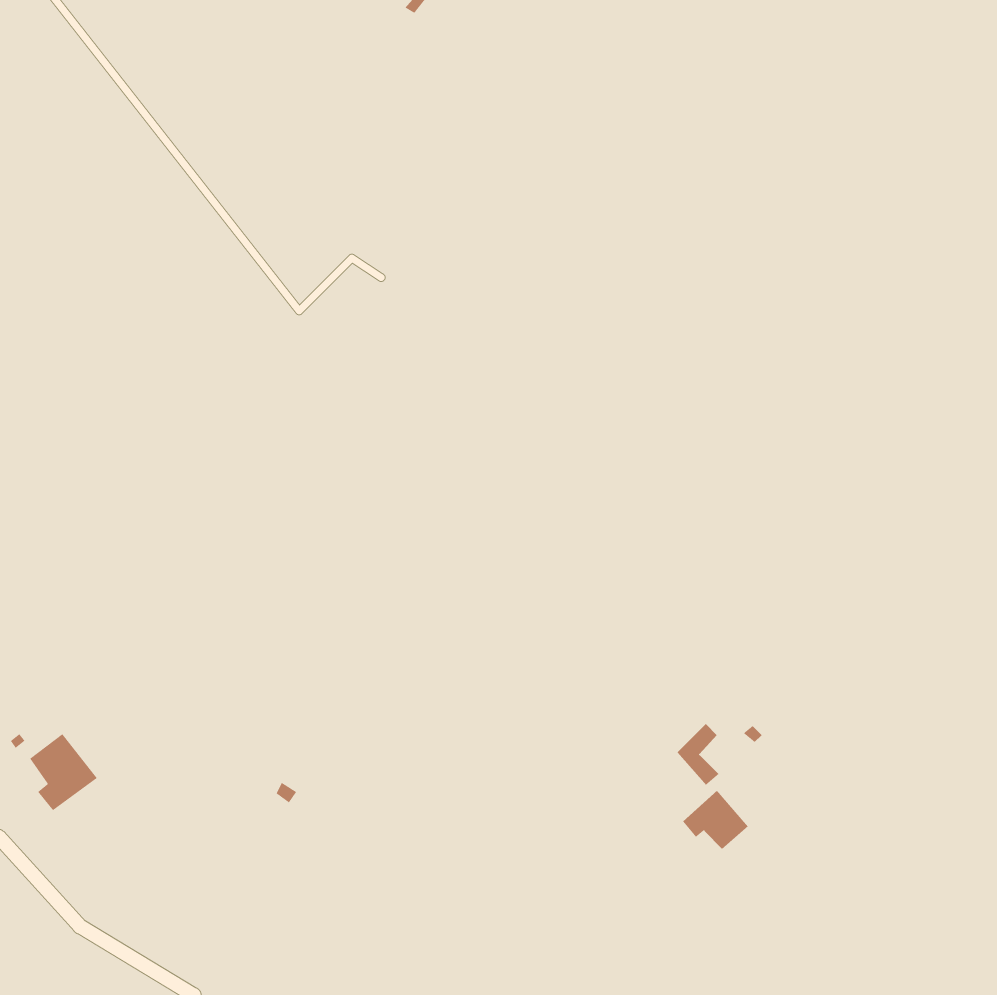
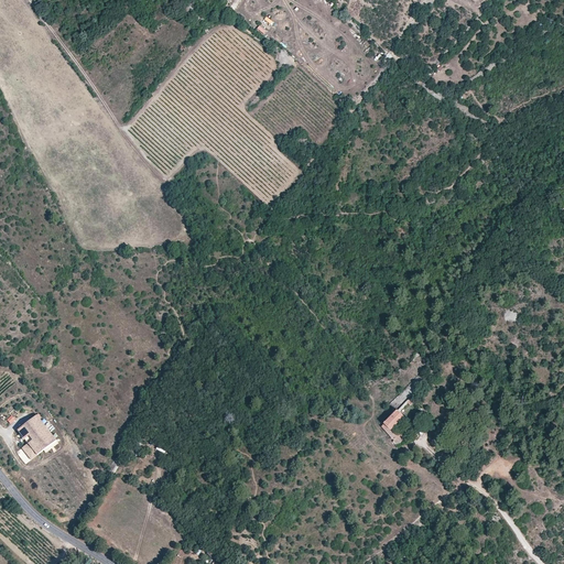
building: [682,790,749,850] -> none

